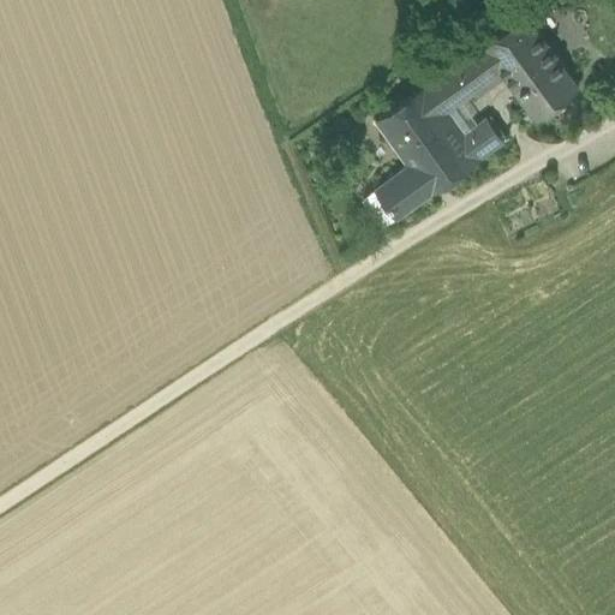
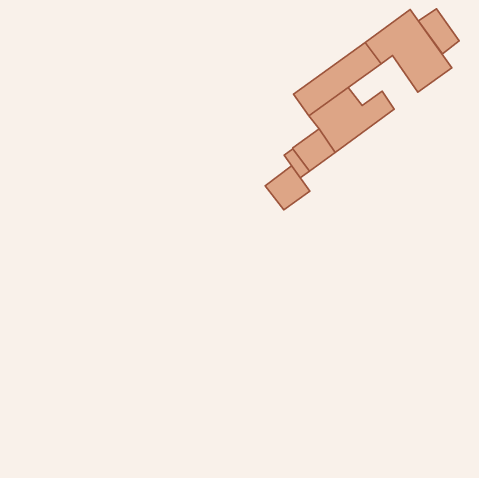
building: none -> [419,9,459,54]
building: none -> [265,166,310,210]

